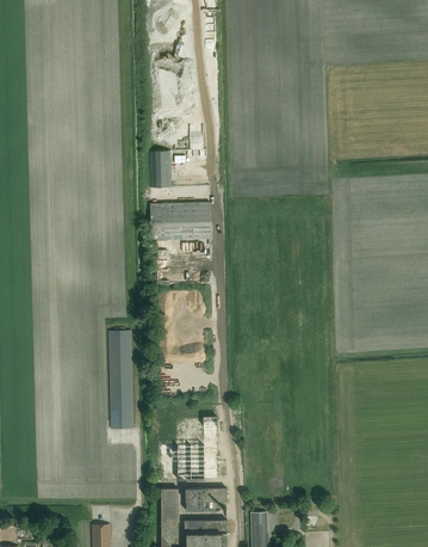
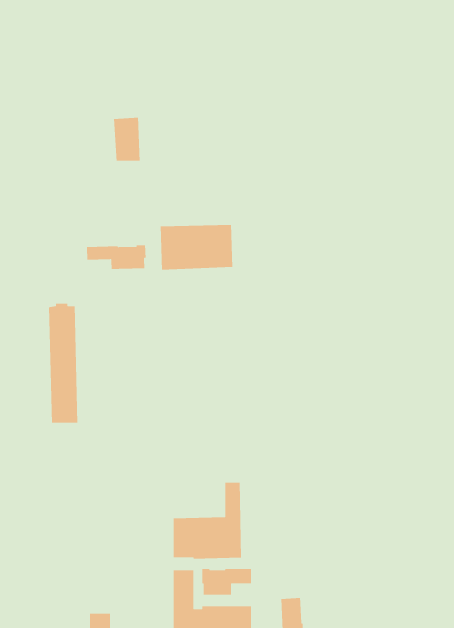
building: [149,150,172,188] -> [113,117,140,162]
building: none -> [86,244,146,270]
building: [108,328,134,429] -> [48,303,78,424]

